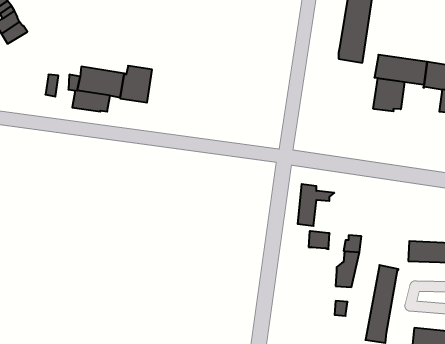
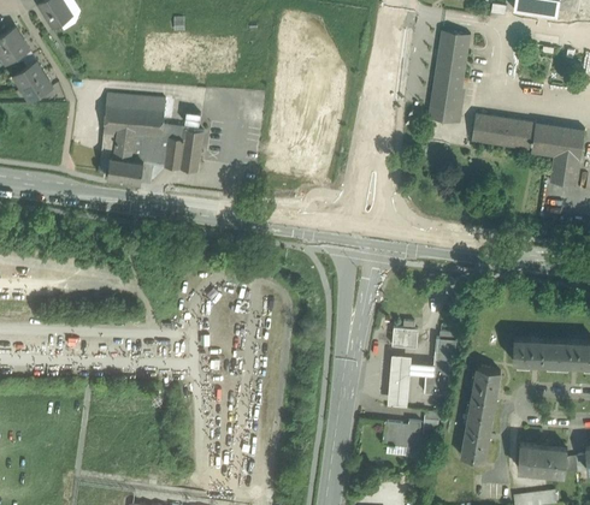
building: none -> [104,94,165,141]
building: [373,78,404,111] -> none
building: [298,184,334,226] -> [388,355,432,405]
building: none -> [383,421,421,456]

